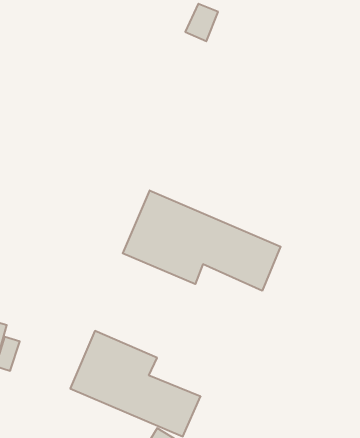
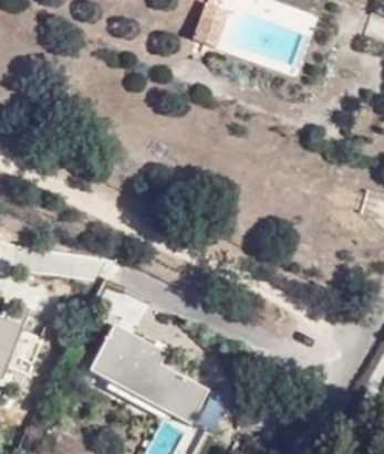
building: [123,190,281,291] -> none

